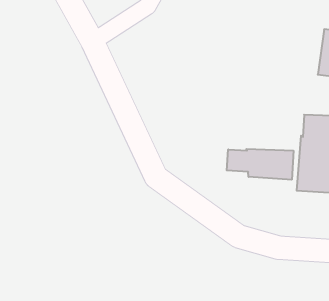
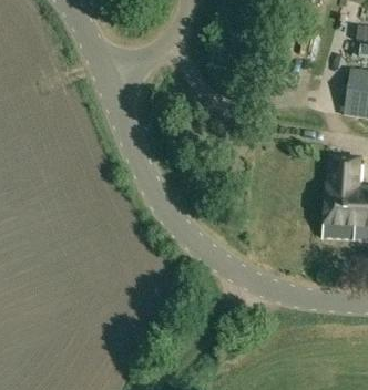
building: [227,149,293,180] -> none

